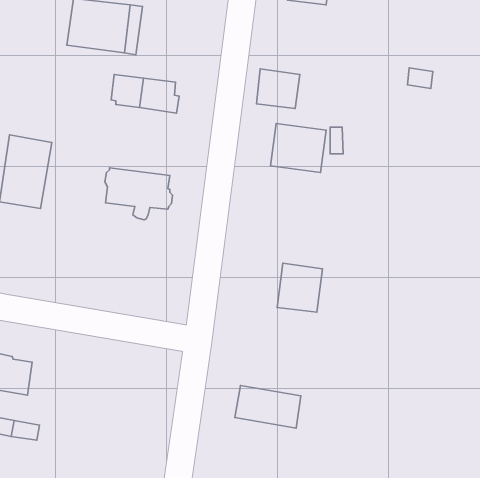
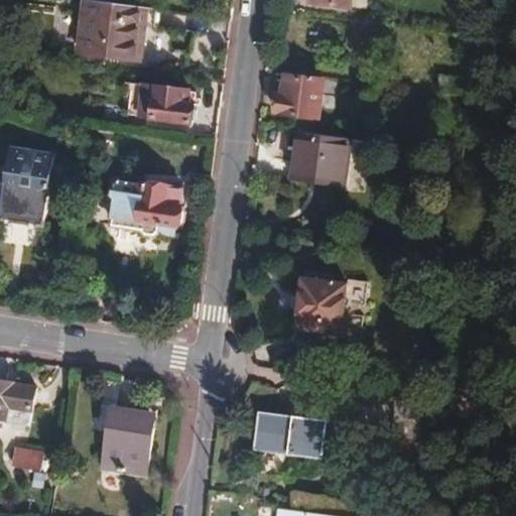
building: none -> [101,405,153,472]

